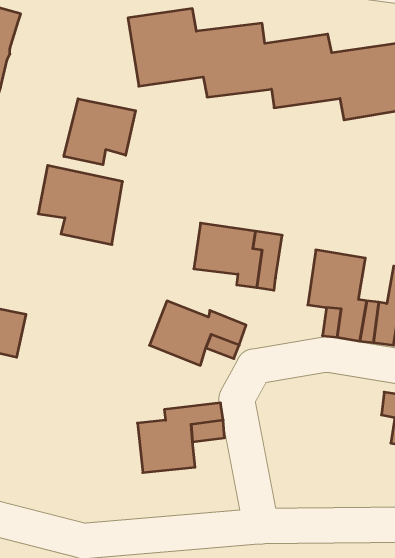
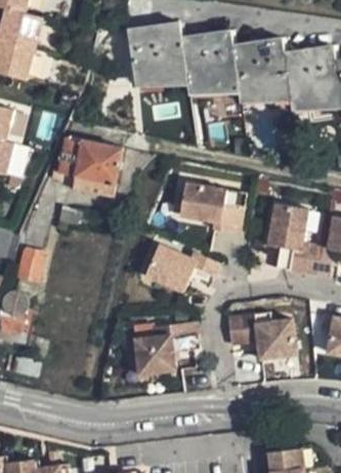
building: [64,99,136,165] -> none
building: none -> [224,310,297,358]

